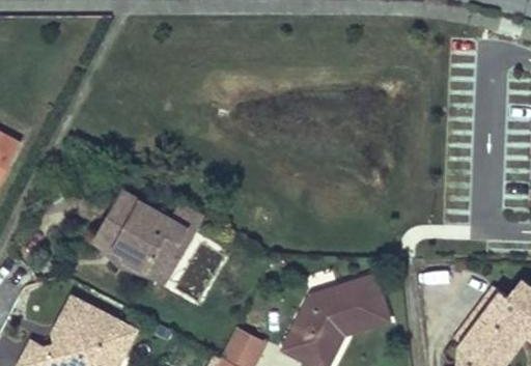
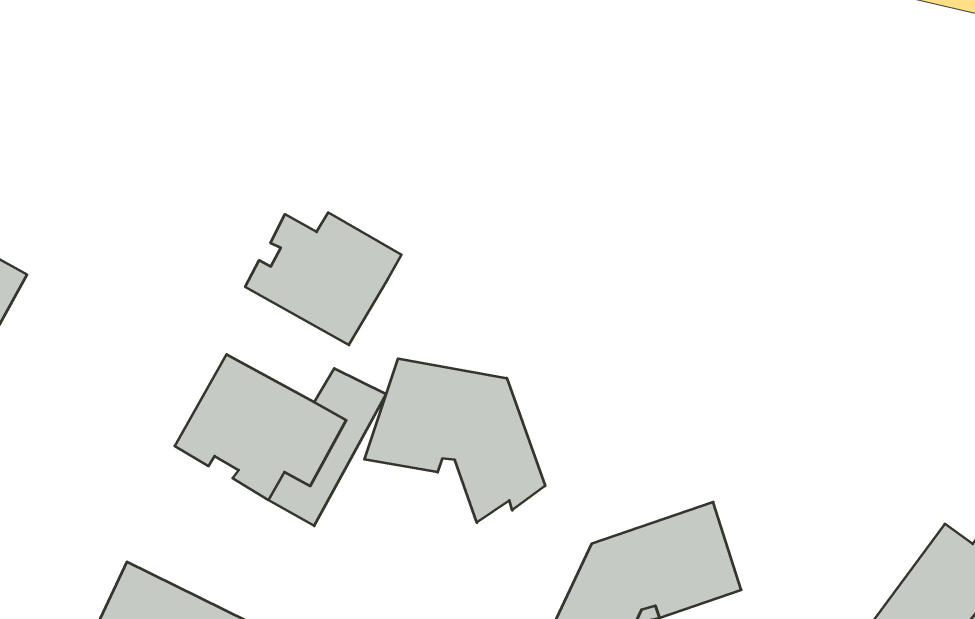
building: none -> [245,213,401,345]
building: none -> [364,359,545,523]

